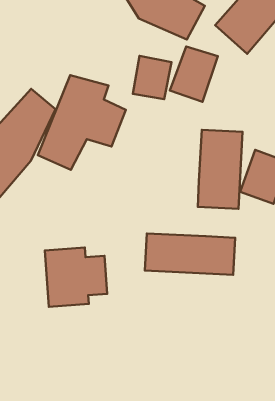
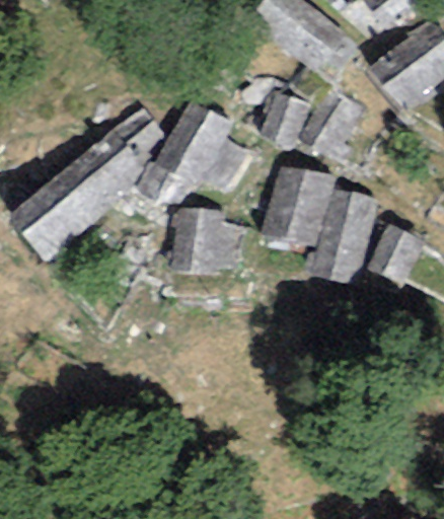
building: none -> [263,166,334,247]
building: [145,233,235,275] -> none
building: [45,248,107,307] -> [170,207,244,277]

